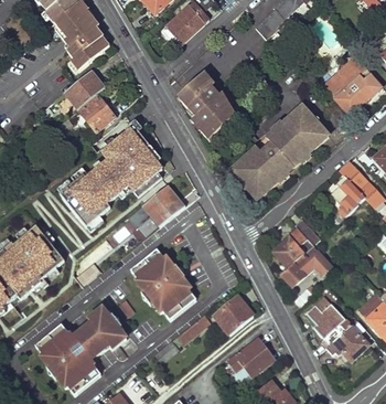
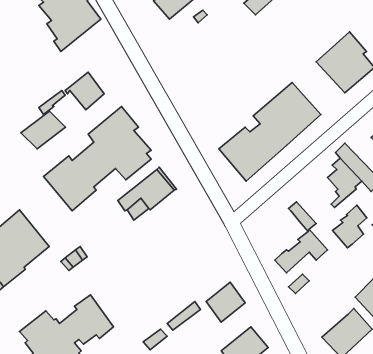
building: [65,70,108,106] -> [21,111,66,149]
building: [176,73,242,138] -> none
building: [274,226,307,267] -> [333,205,367,248]
building: [129,248,195,320] -> none
building: [307,297,352,348] -> none

